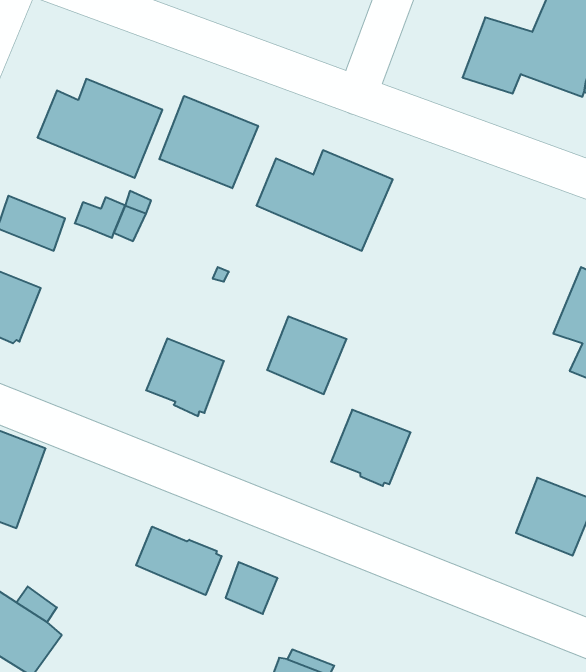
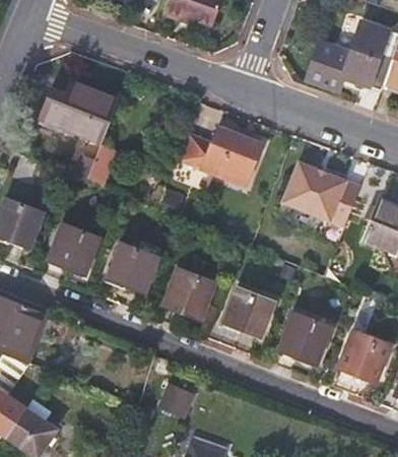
building: [159,96,258,188] -> none
building: none -> [284,160,361,226]
building: none -> [49,223,98,272]
building: [267,316,347,394] -> [164,268,214,317]
building: none -> [280,313,330,362]
building: [136,527,222,595] -> none

